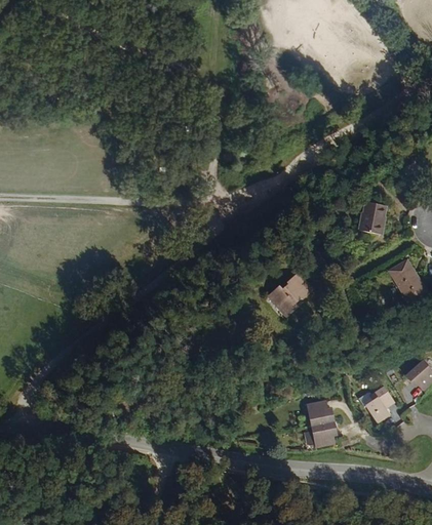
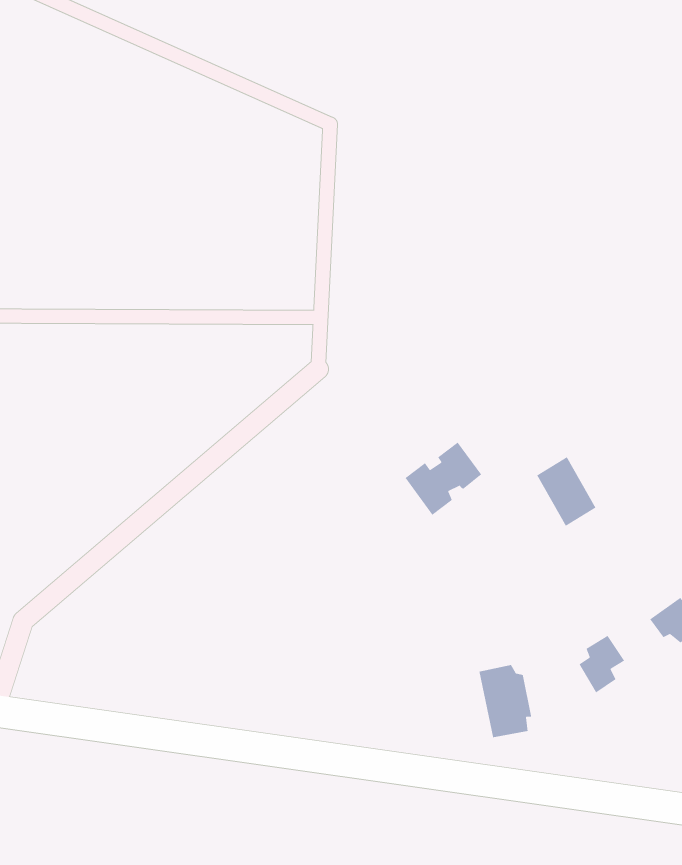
building: [359,201,386,232] -> none
building: [386,260,422,302] -> [536,456,597,527]

